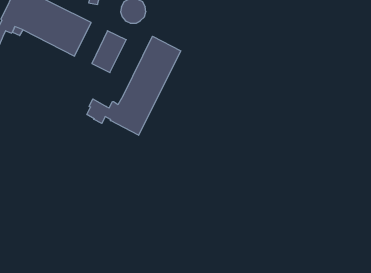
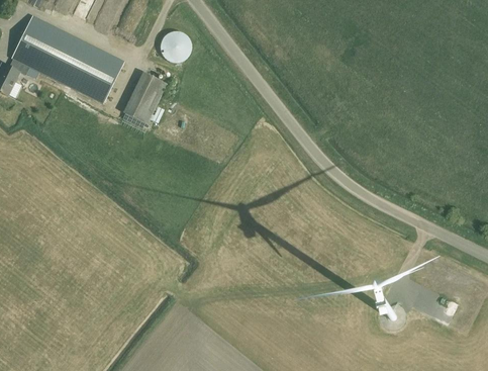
building: [87,36,181,135] -> none

